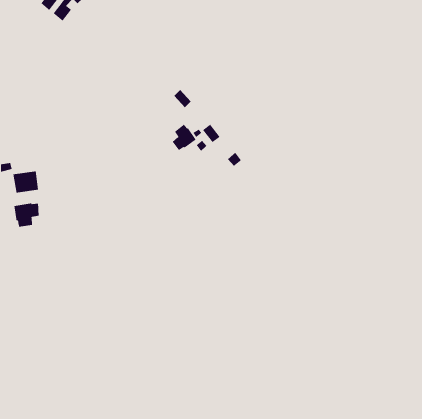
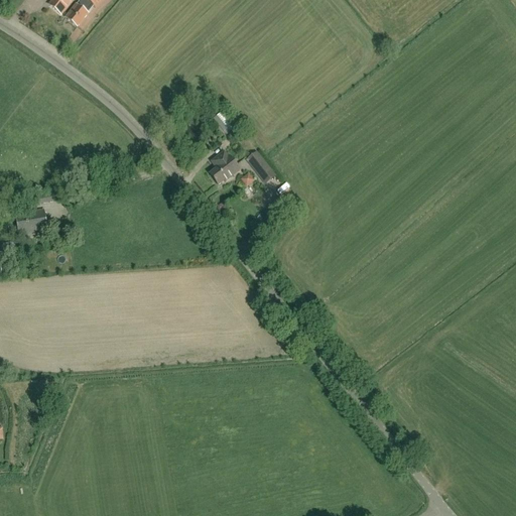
building: [14,202,39,227] -> none

